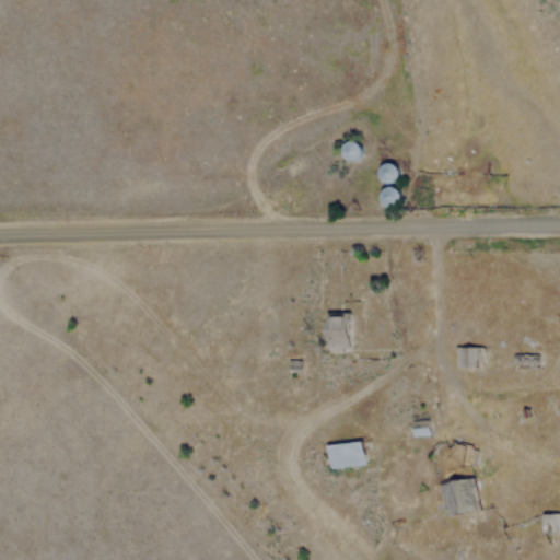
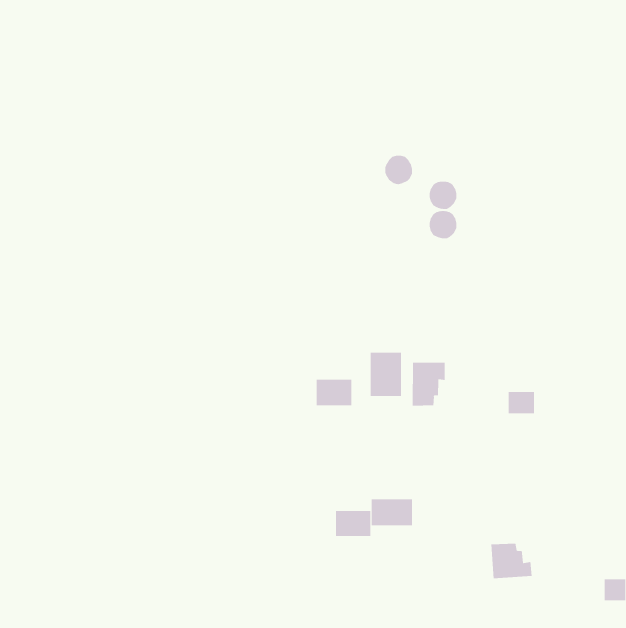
building: none -> [412,362,445,406]
building: none -> [316,379,352,406]
building: none -> [335,510,371,537]

